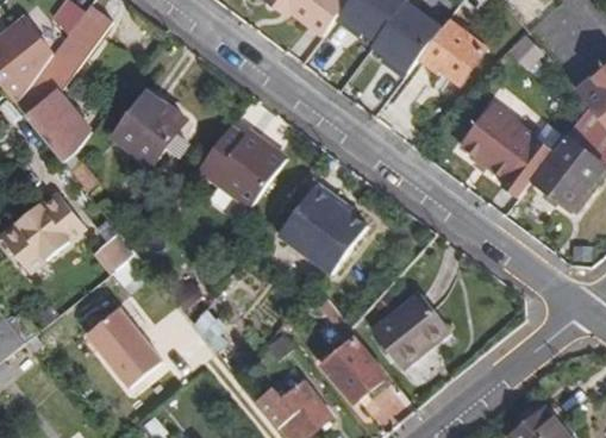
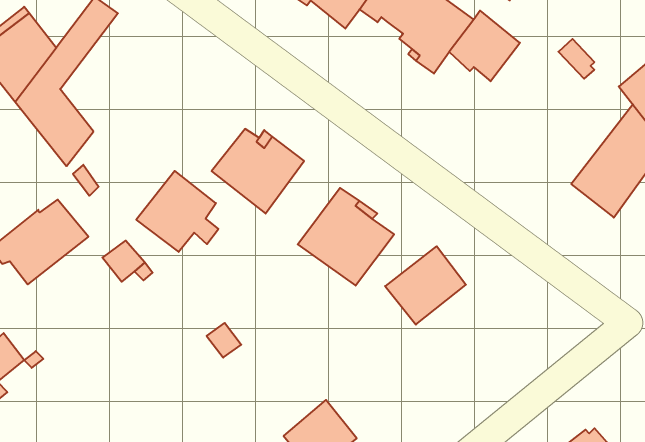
building: [111,92,187,167] -> [136,171,218,252]
building: [461,104,552,195] -> none
building: [373,296,448,369] -> [385,246,466,325]
building: [86,309,161,388] -> none
building: [323,338,386,401] -> none

